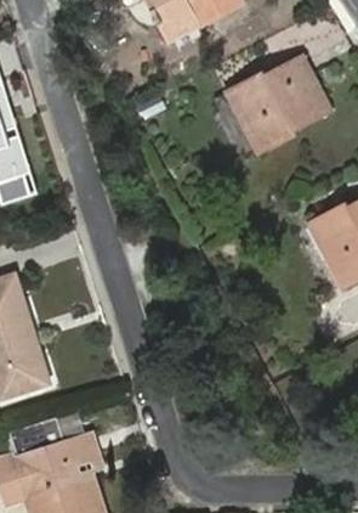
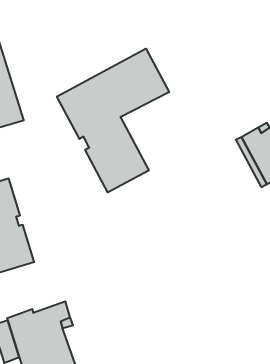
building: [227,56,325,148] -> none
building: none -> [57,49,169,192]

